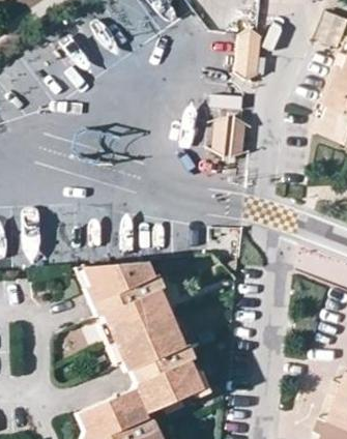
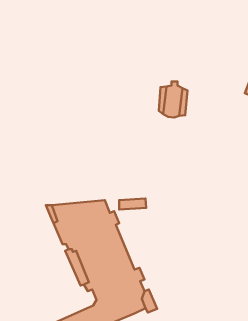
building: [234,28,263,81] -> none

